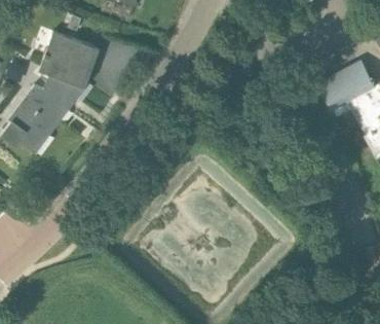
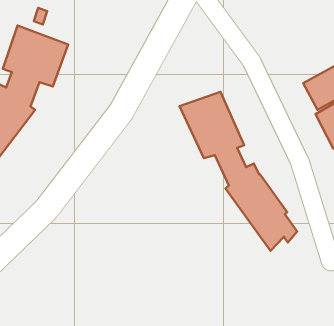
building: none -> [179,92,297,251]

